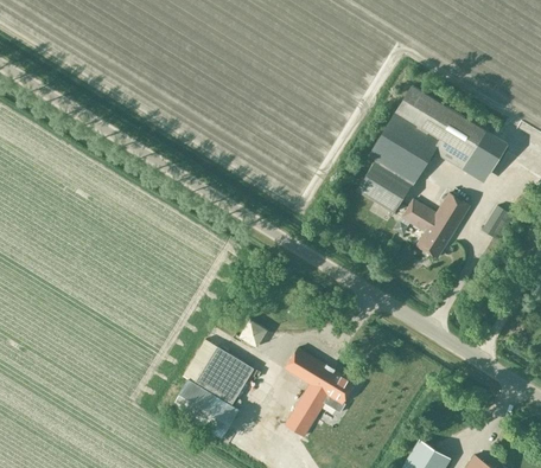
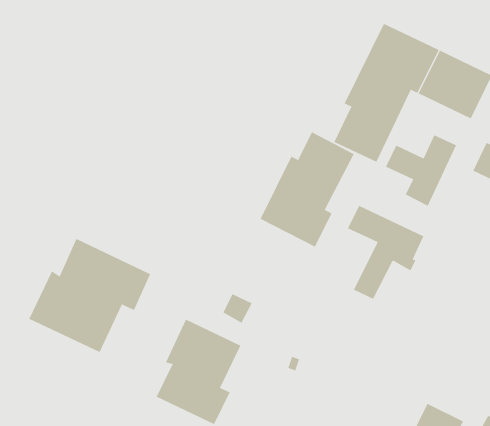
building: none -> [260,132,355,247]
building: none -> [28,238,151,353]
building: [285,348,355,436] -> [347,205,424,299]

